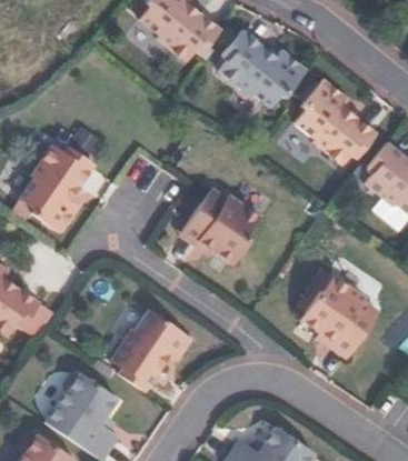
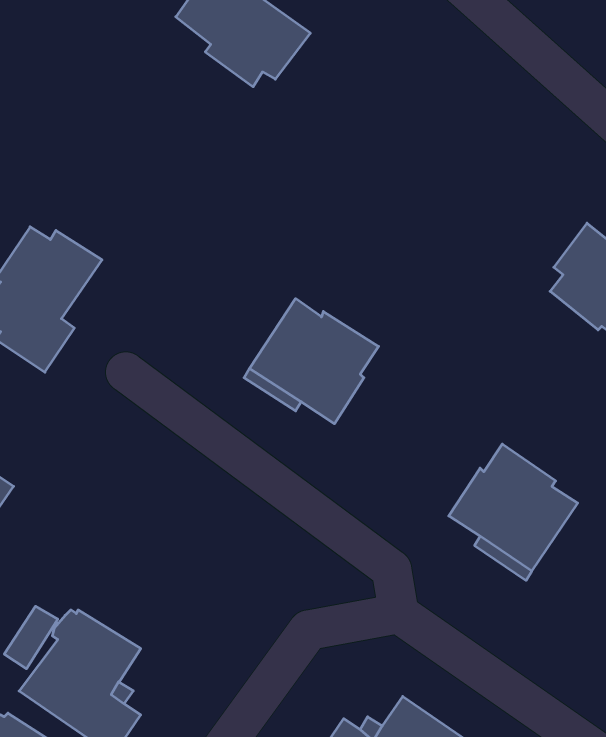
building: [217,28,306,106] -> none
building: [295,78,376,163] -> none
building: [109,310,191,392] -> none

